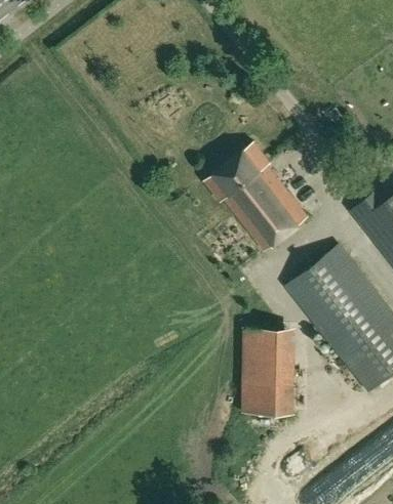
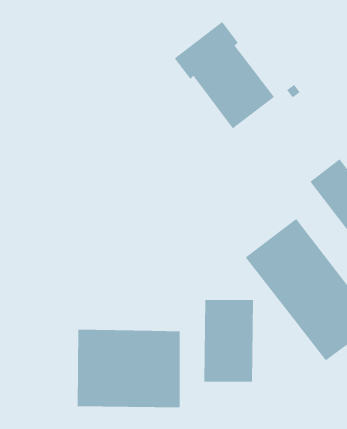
building: [205,141,308,251] -> [174,21,275,129]
building: none -> [77,329,180,408]

